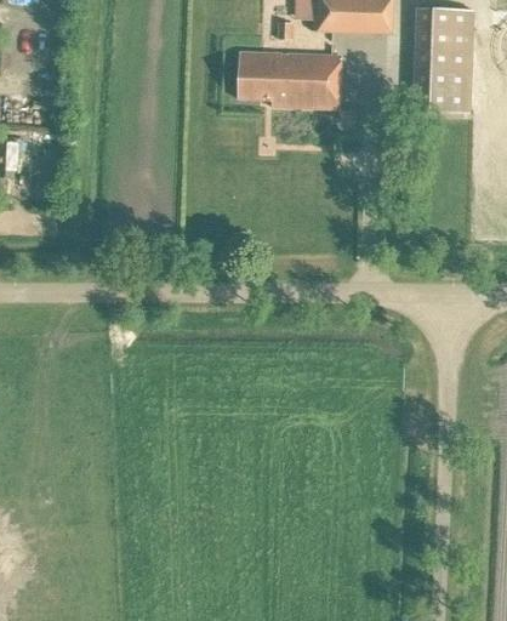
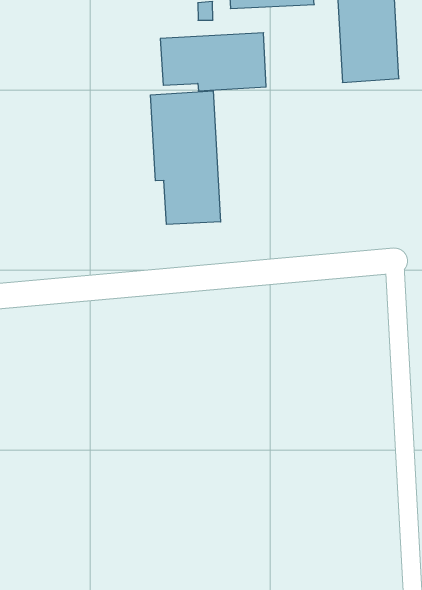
building: none -> [151,91,221,224]

